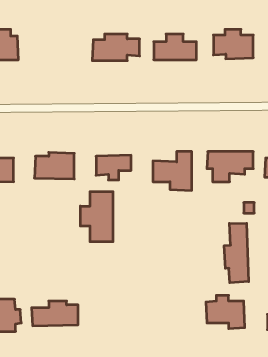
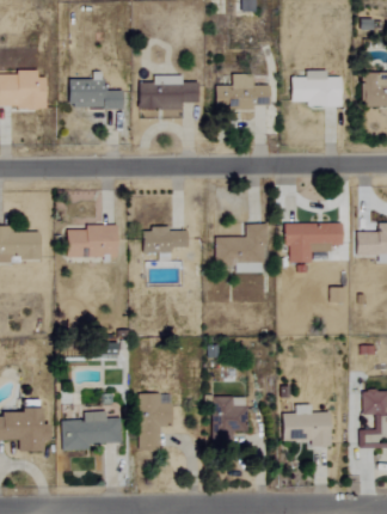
building: none -> [69,72,123,108]
building: [80,192,113,242] -> none
building: [224,223,249,283] -> none
building: none -> [141,394,173,449]
building: none -> [214,397,248,445]

